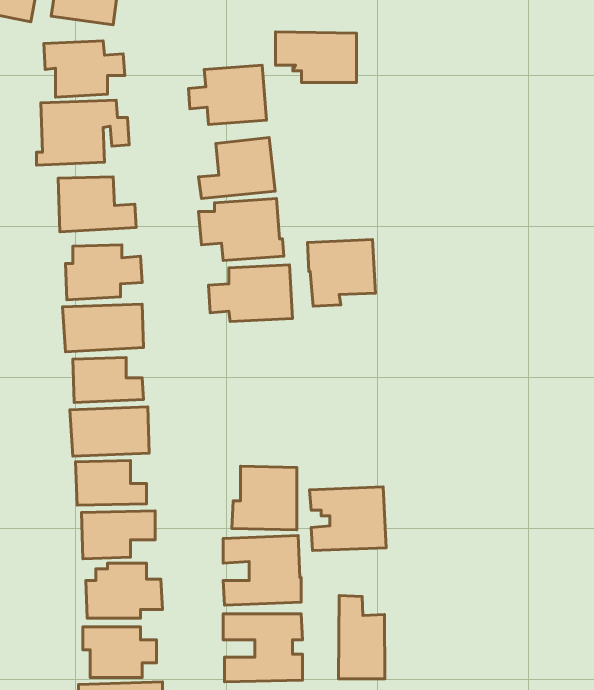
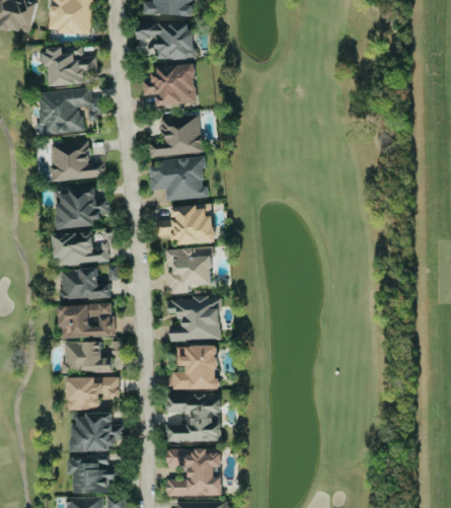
building: [275,32,356,82] -> [137,24,194,60]
building: [307,240,375,306] -> [166,247,214,294]
building: [310,487,386,551] -> [168,297,222,342]
building: [338,595,385,679] -> none

